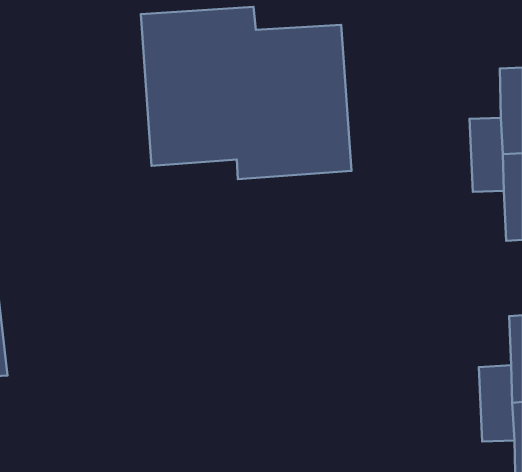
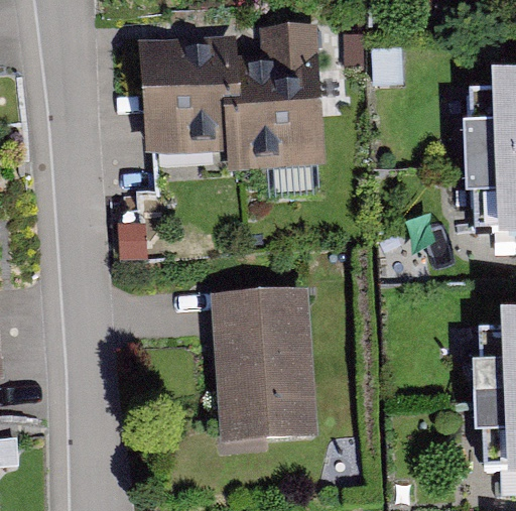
building: none -> [210,282,331,438]

